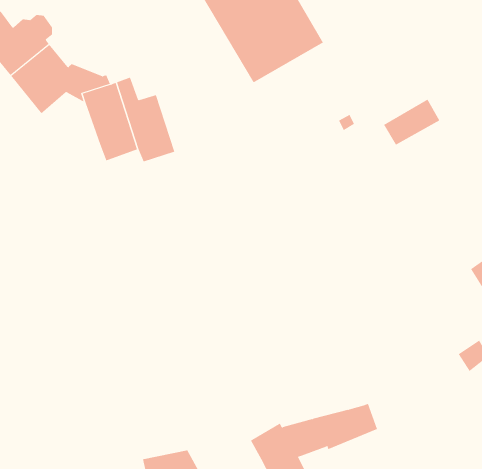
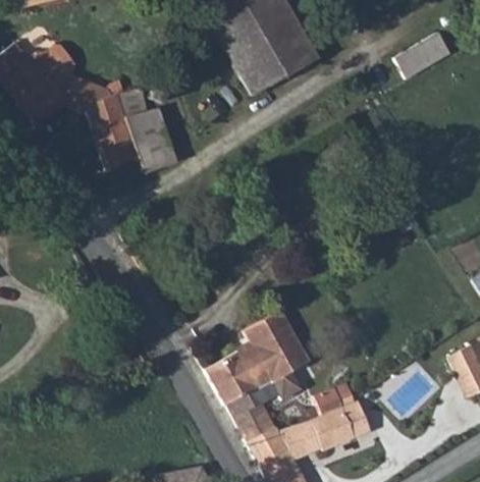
building: [383,99,440,146] -> [401,29,457,74]
building: none -> [210,310,313,445]
building: none -> [305,392,360,424]

